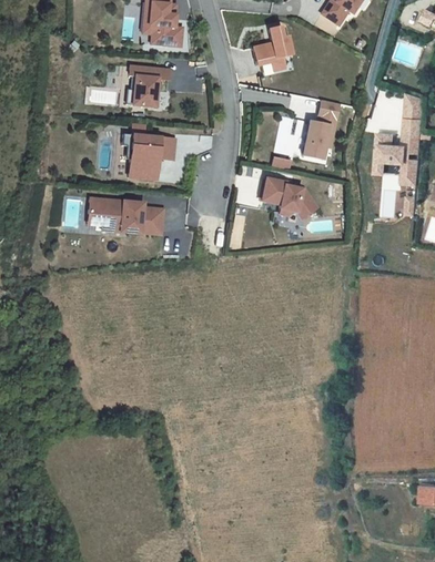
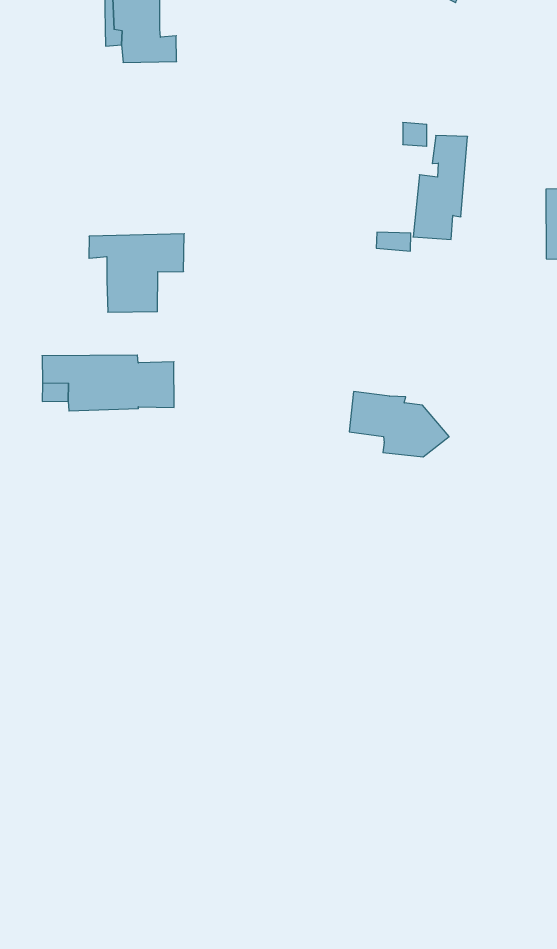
building: [251,23,290,72] -> none
building: [125,67,169,108] -> none
building: [262,178,317,218] -> [349,392,449,457]

